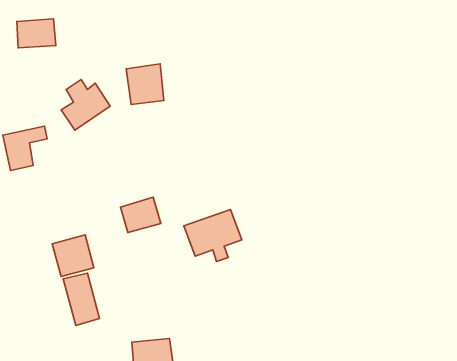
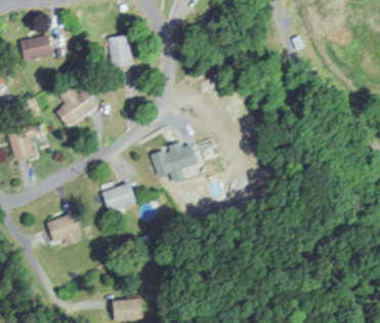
building: [126,64,164,104] -> [102,34,133,67]
building: [184,210,242,261] -> [155,138,202,180]
building: [63,273,100,326] -> none

